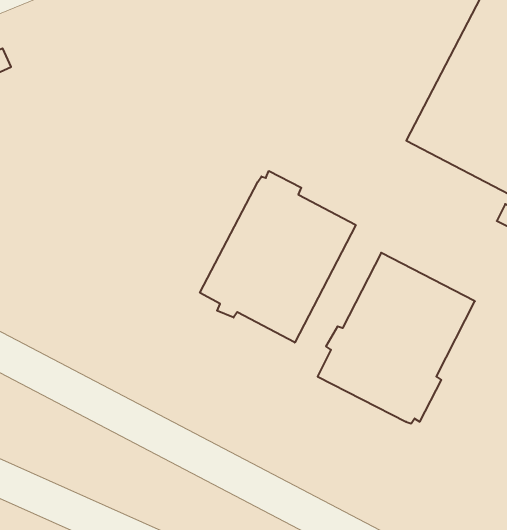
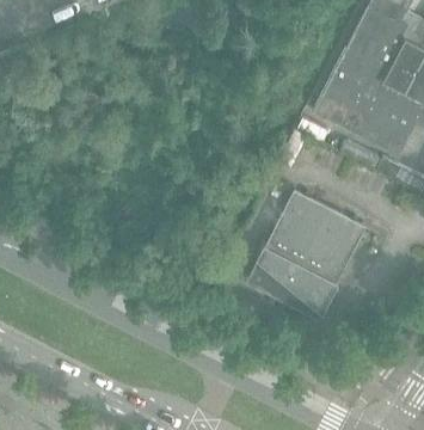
building: [200,171,356,343] -> none

